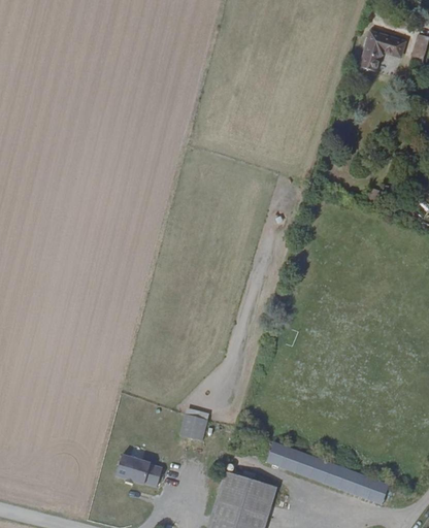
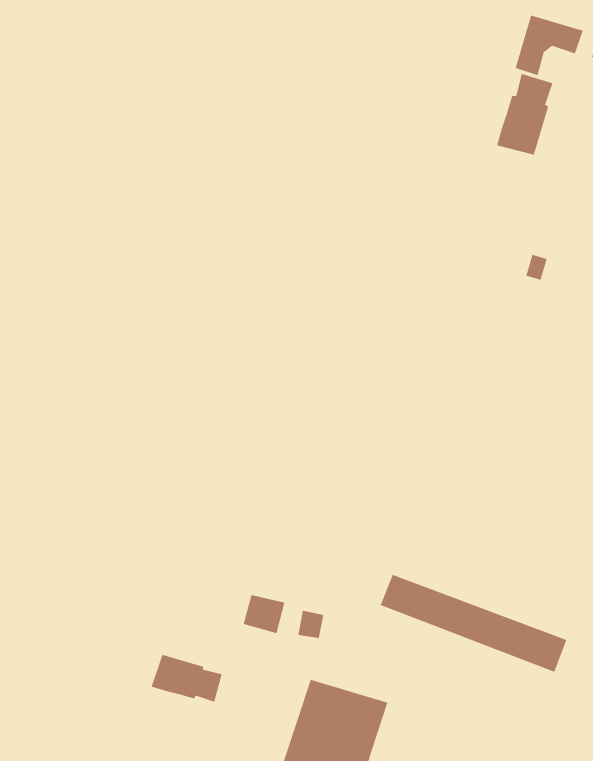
building: none -> [496,73,553,155]
building: [266,440,390,505] -> [380,574,567,672]

